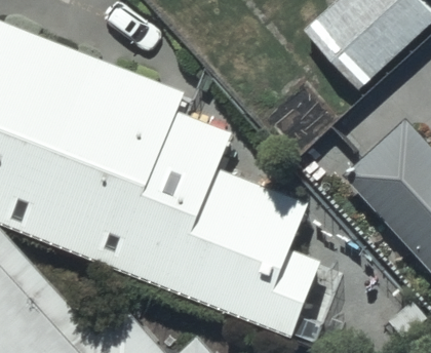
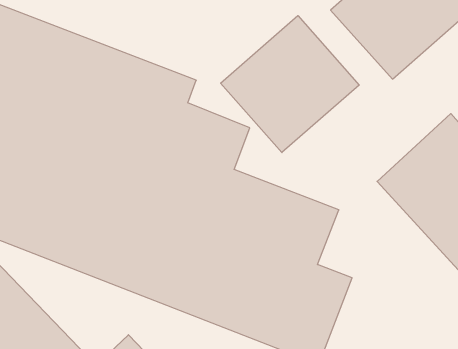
building: none -> [221,16,359,153]

